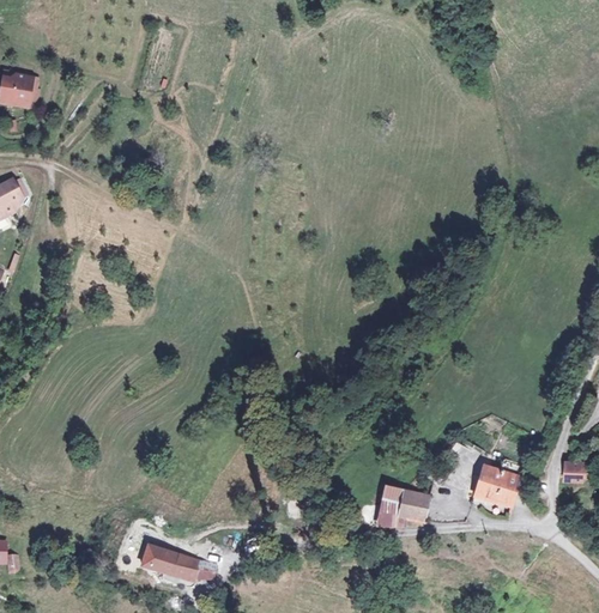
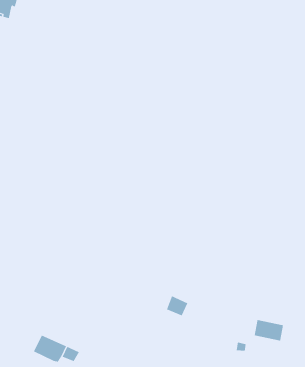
building: [383,491,415,518] -> [166,296,188,316]

